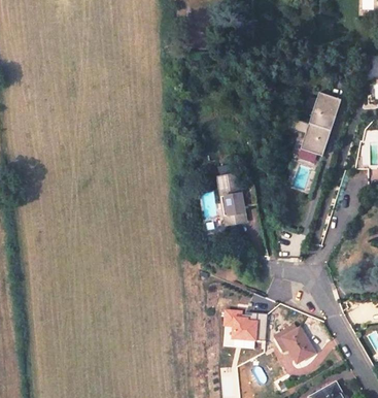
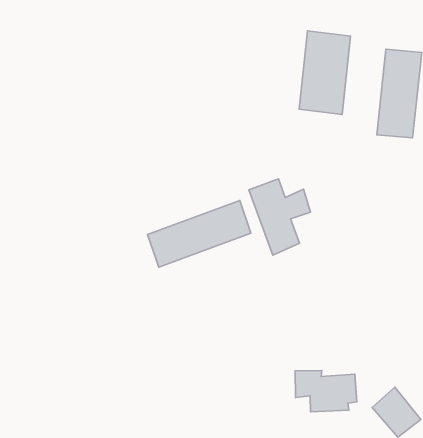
building: none -> [299,31,351,114]
building: none -> [148,201,251,267]

